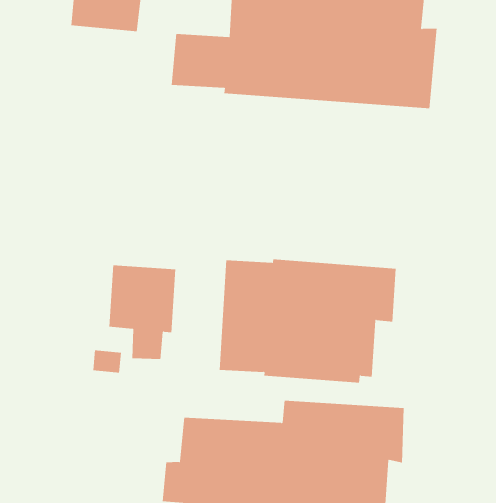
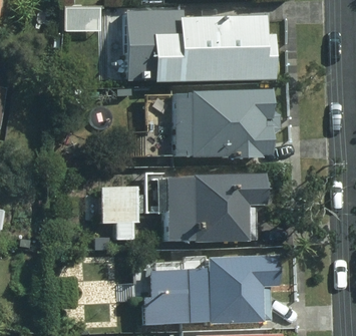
building: none -> [171,89,279,159]

